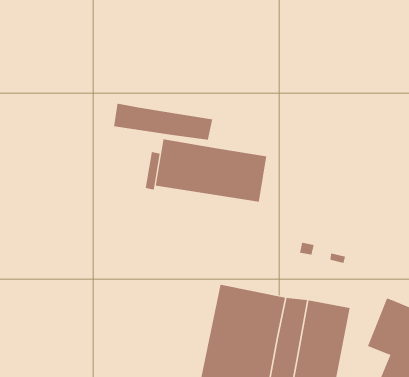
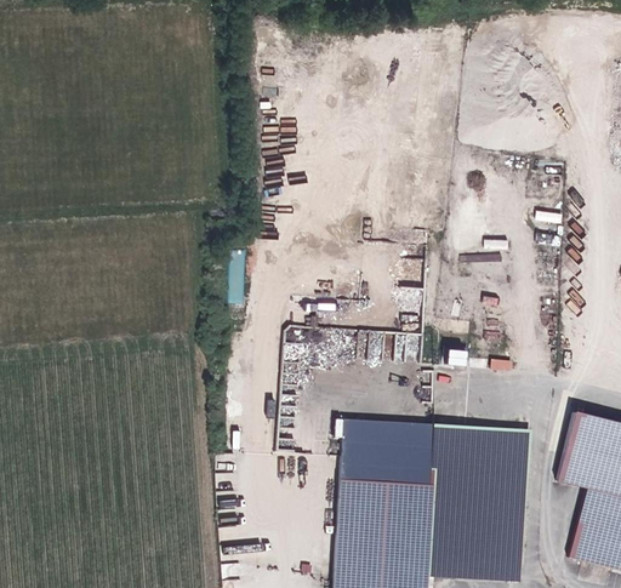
building: [113,103,213,141] -> none
building: [155,139,267,202] -> none

